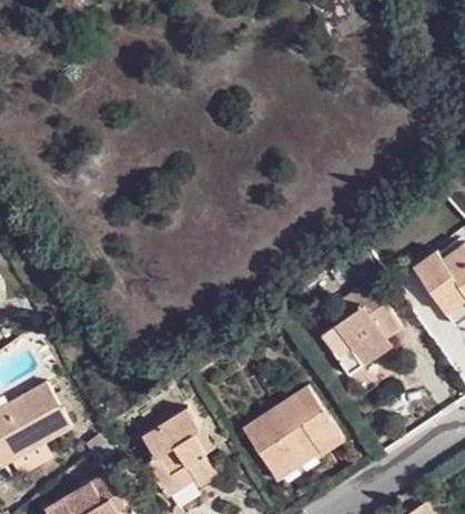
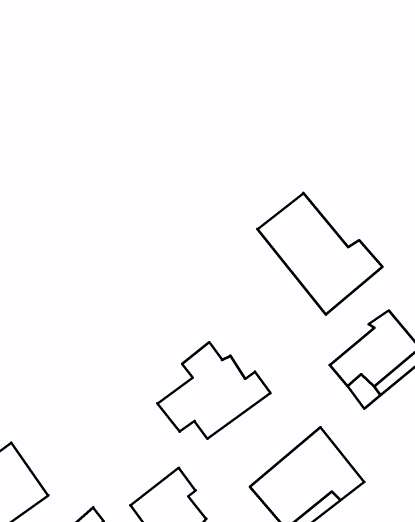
building: none -> [257,193,382,315]
building: none -> [157,342,270,439]

